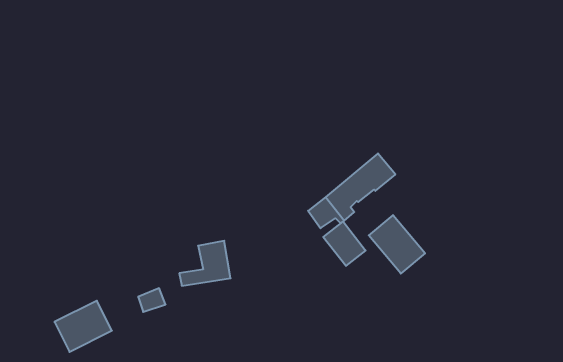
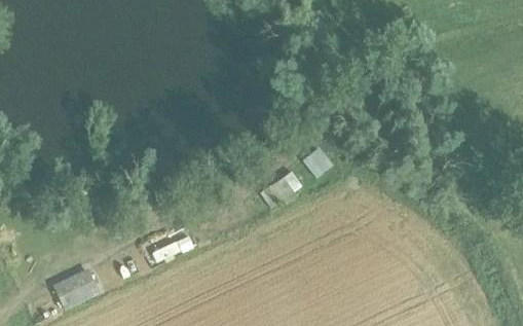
building: [369,215,425,274] -> none
building: [323,222,366,266] -> none

